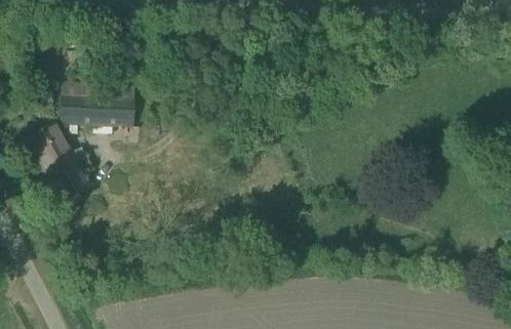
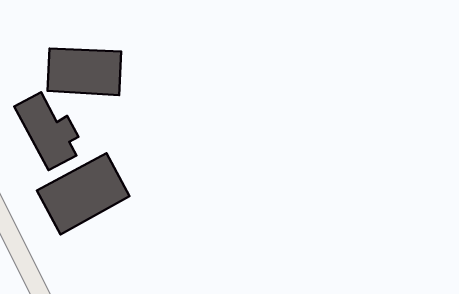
building: none -> [37,153,130,235]

